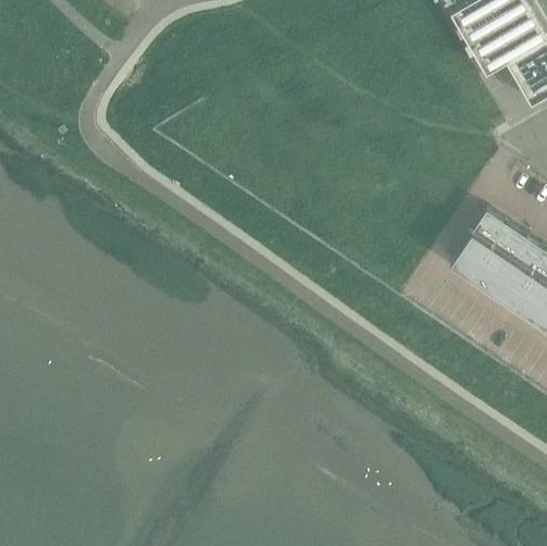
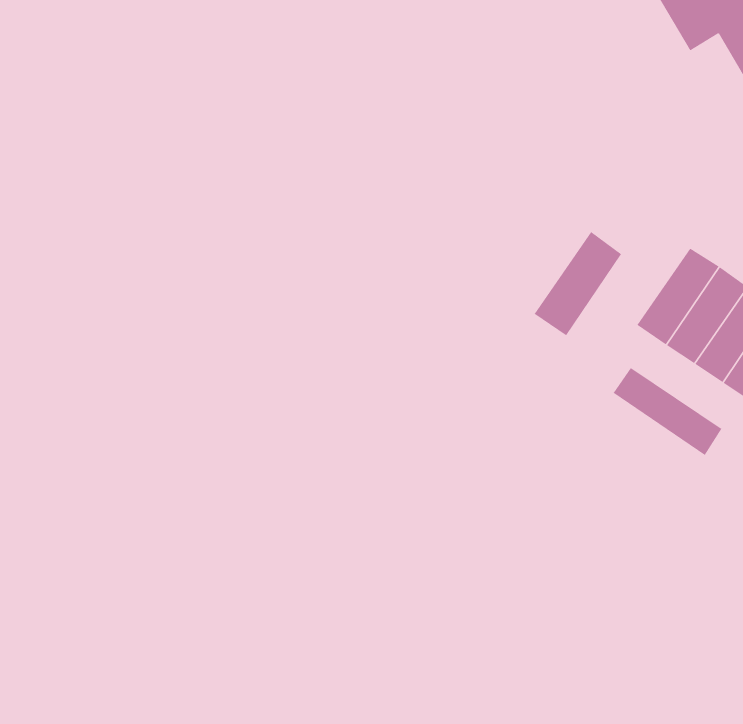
building: none -> [534,231,622,336]
building: none -> [613,367,722,456]

